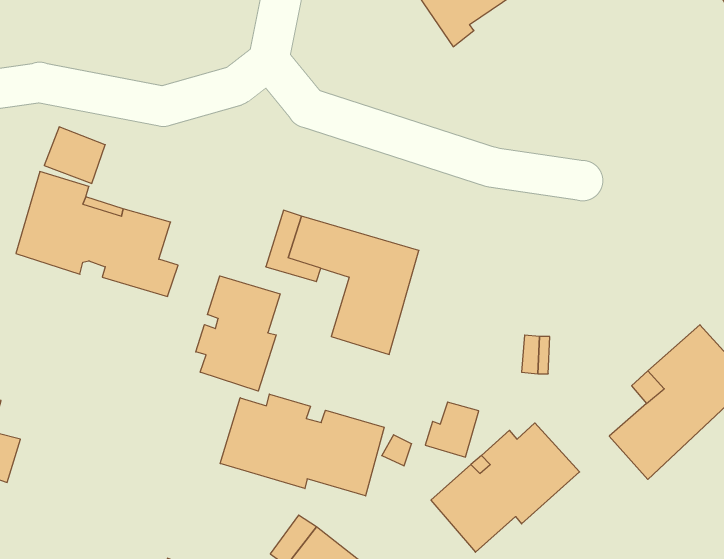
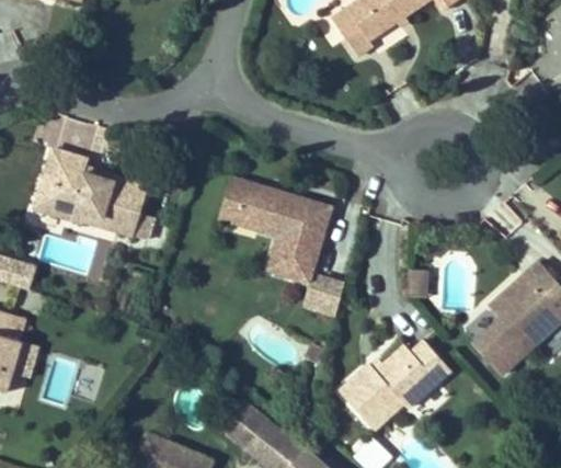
building: [196,276,280,391] -> none
building: [220,394,384,496] -> none
building: [425,402,479,457] -> [305,276,344,317]

